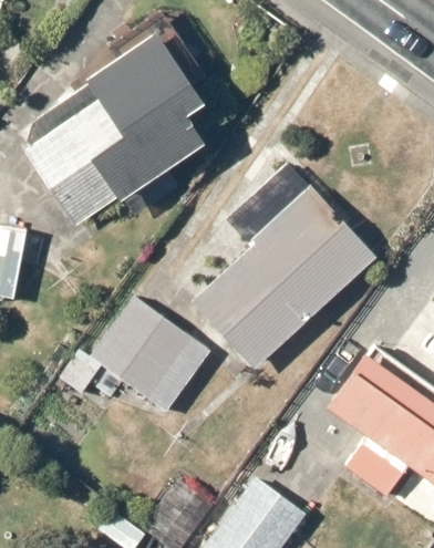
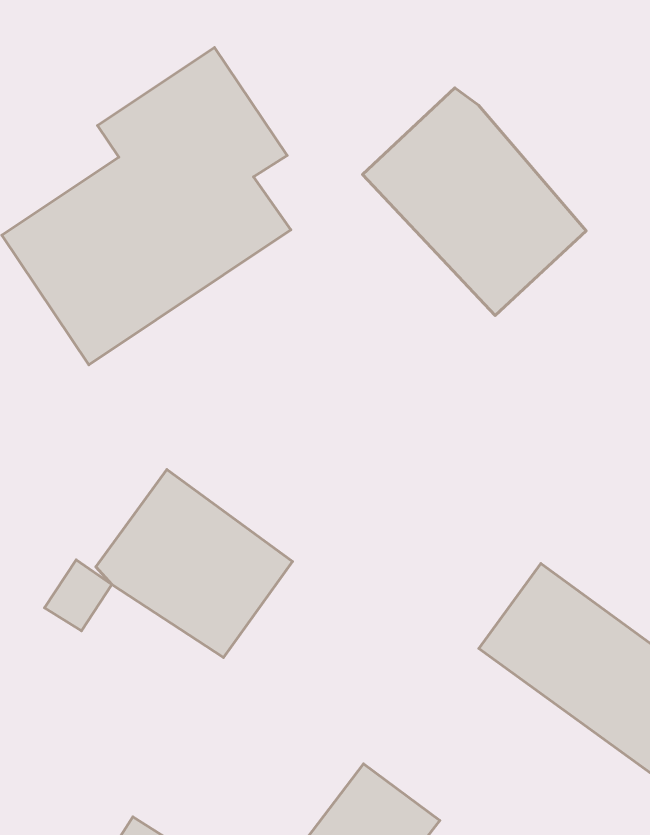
building: none -> [362,88,586,315]
building: [192,187,376,369] -> none

